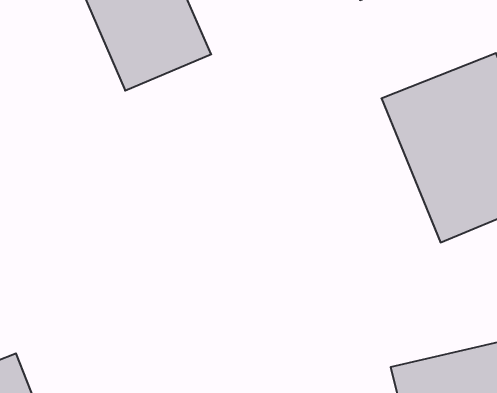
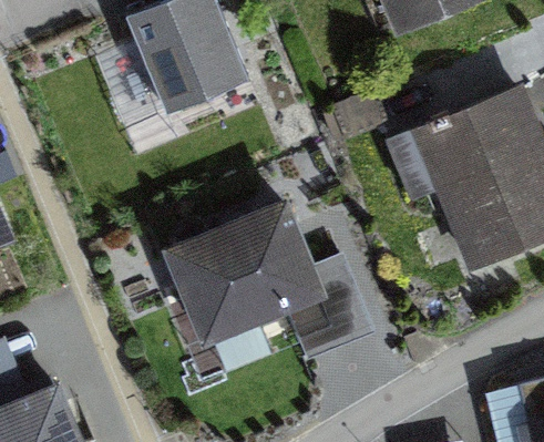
building: none -> [172,202,332,340]

